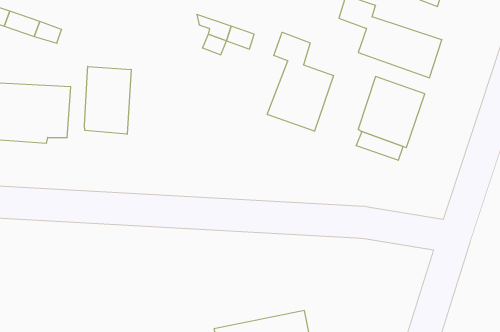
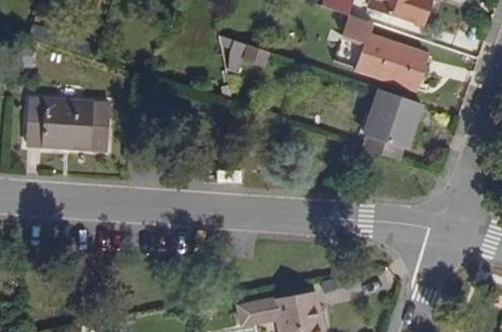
building: [267,32,333,131] -> none
building: [84,66,131,134] -> none

